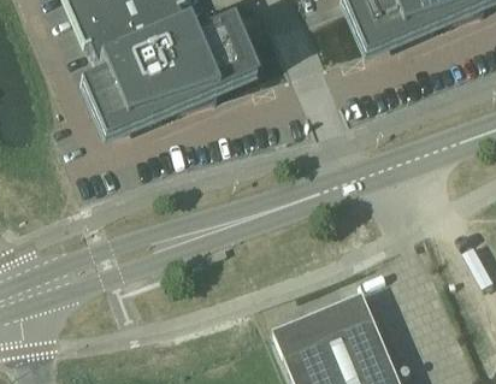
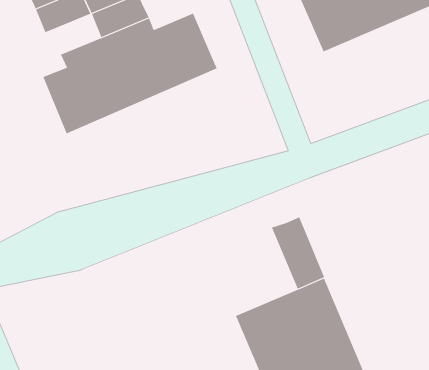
building: [87,22,137,63] -> none
building: none -> [271,216,325,289]

